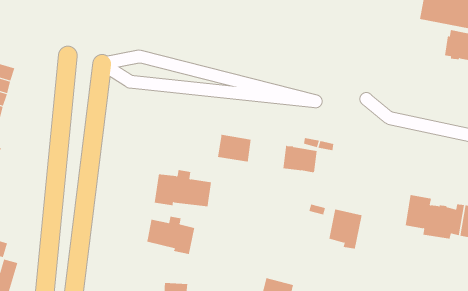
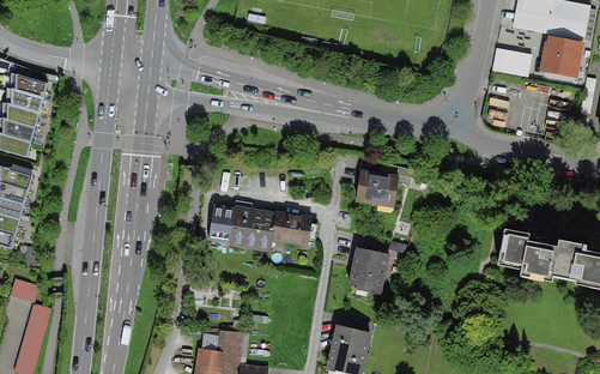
building: none -> [501,50,531,76]
building: [217,134,251,162] -> [271,212,310,245]
building: [328,209,363,249] -> [349,247,388,294]
building: [145,216,195,255] -> none

